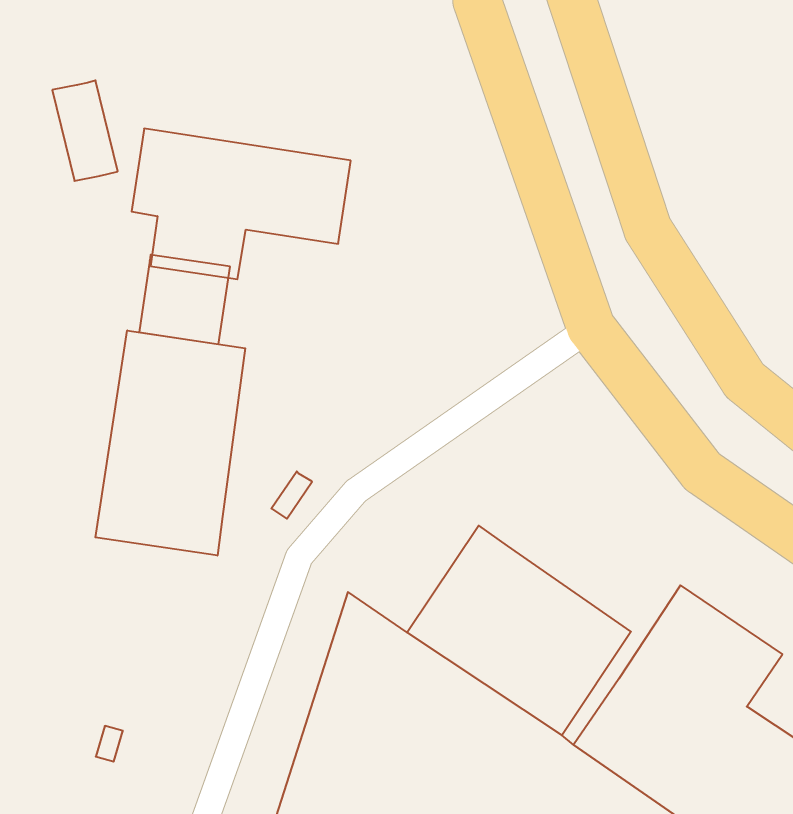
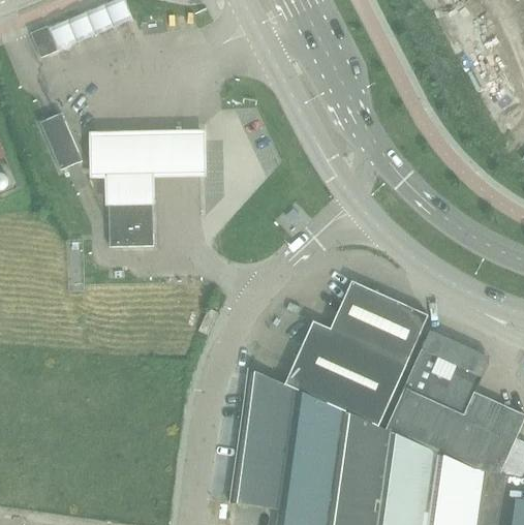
building: [95,330,245,556] -> none
building: none -> [331,281,428,363]

